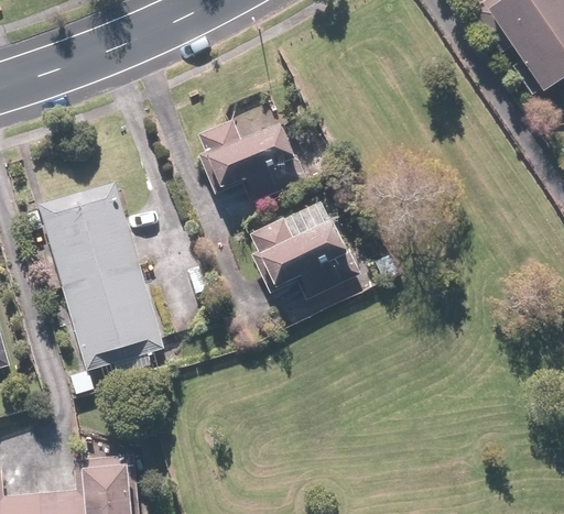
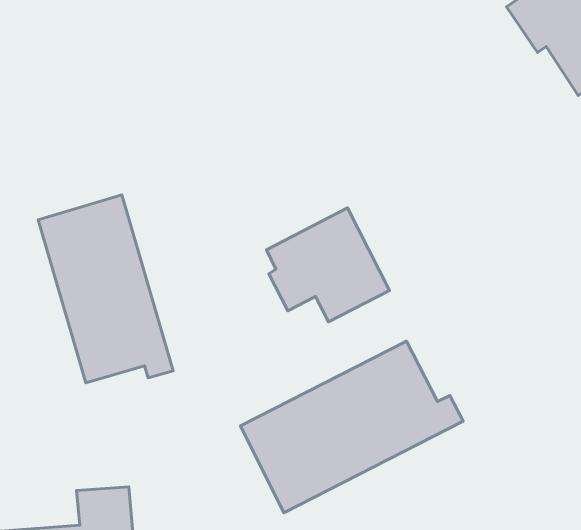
building: [193,92,310,204] -> none
building: none -> [240,341,463,513]

